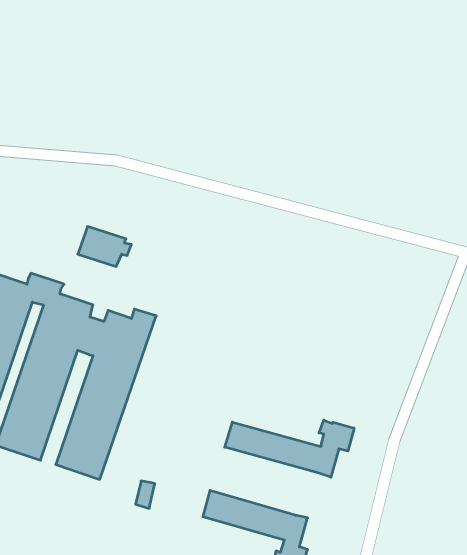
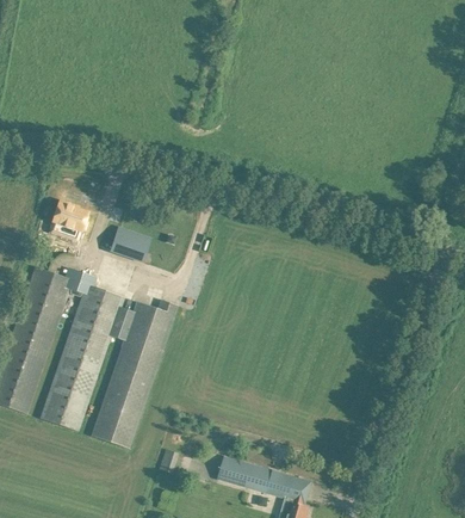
building: none -> [50,201,87,230]
building: [225,420,354,477] -> none

